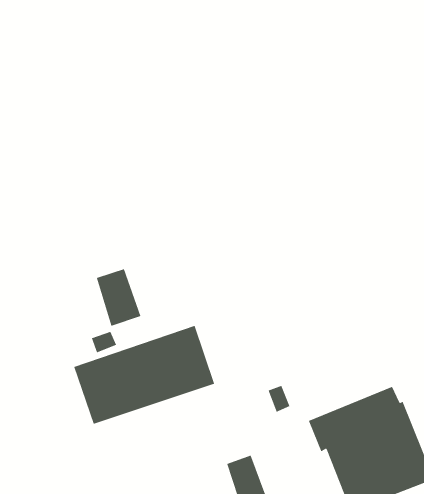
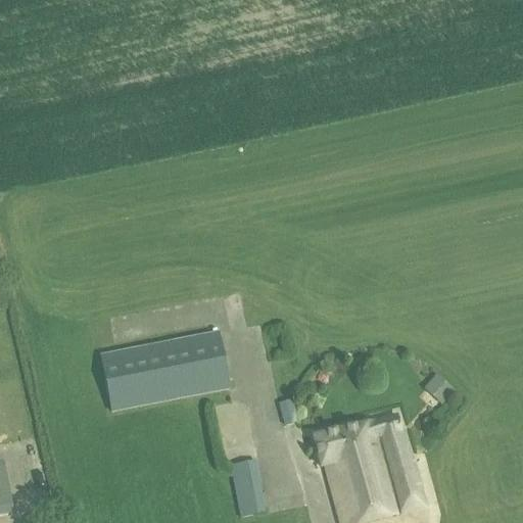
building: [96,268,142,327] -> none

